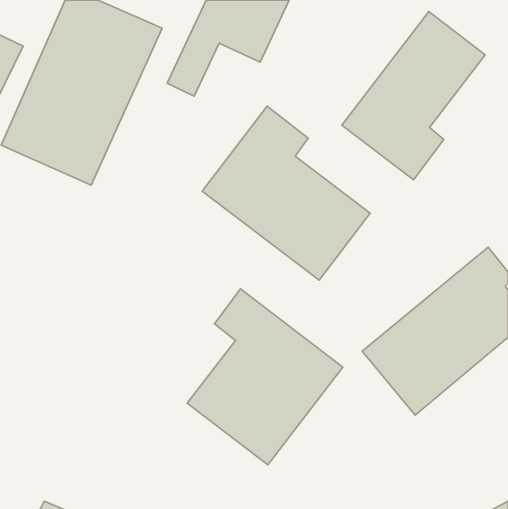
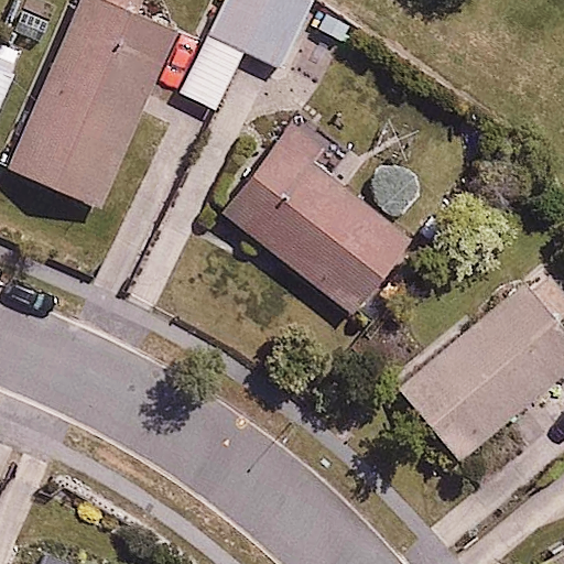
building: [342,12,485,180] -> none
building: [187,289,343,465] -> none

